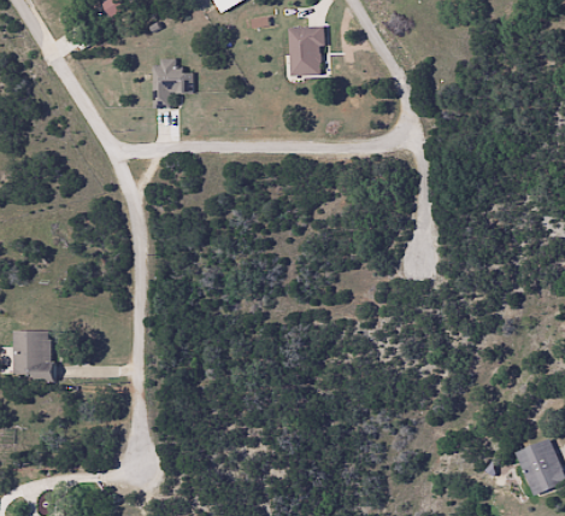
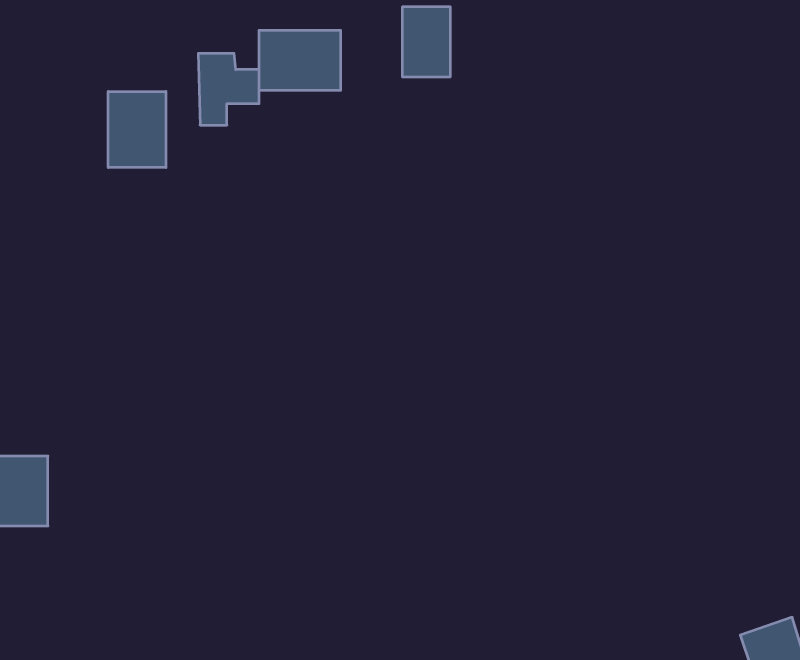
building: none -> [259,30,341,90]
building: none -> [108,91,166,168]

